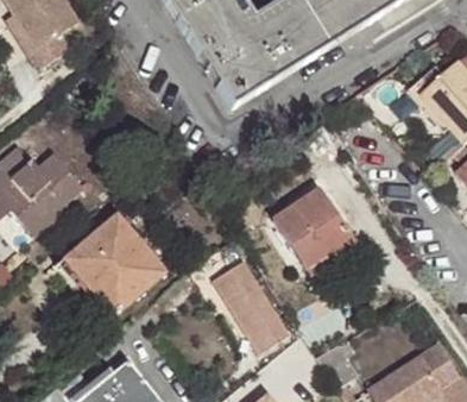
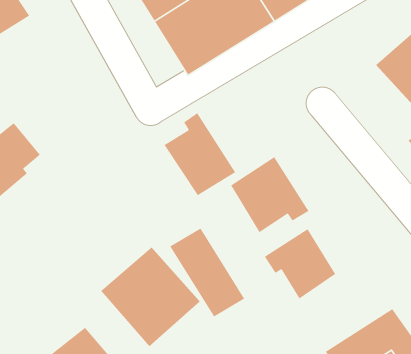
building: none -> [163,112,236,196]
building: [62,213,164,315] -> [100,247,201,347]
building: none -> [264,228,336,299]

